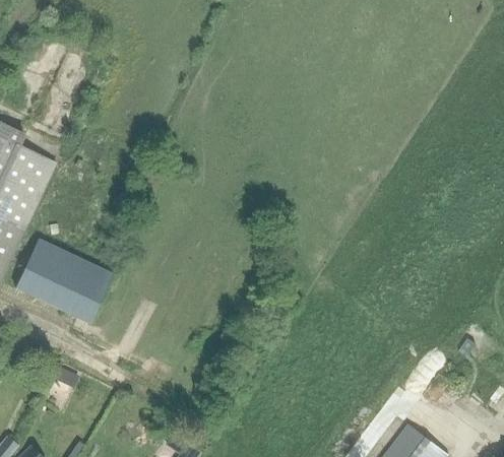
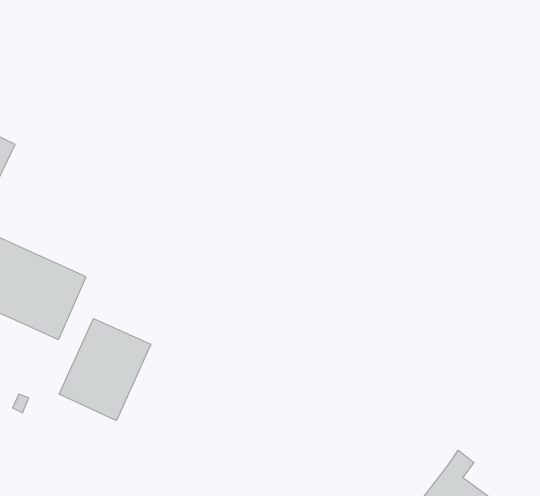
building: none -> [59,319,151,421]

